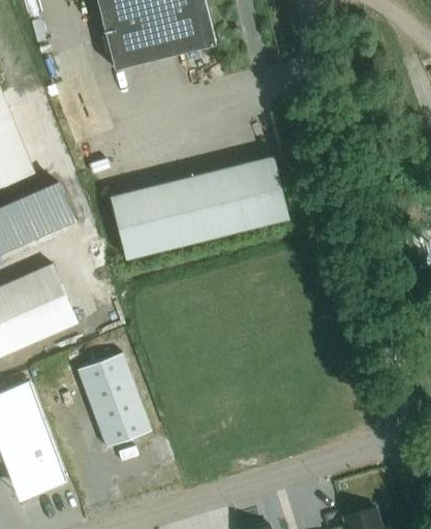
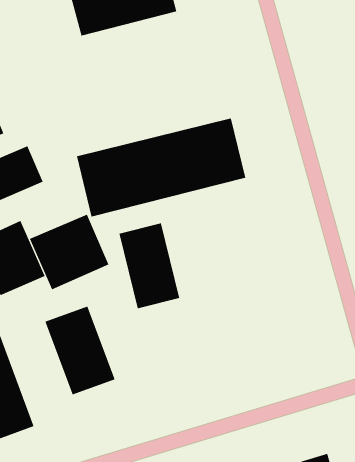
building: none -> [29,214,109,290]
building: none -> [119,222,180,309]

